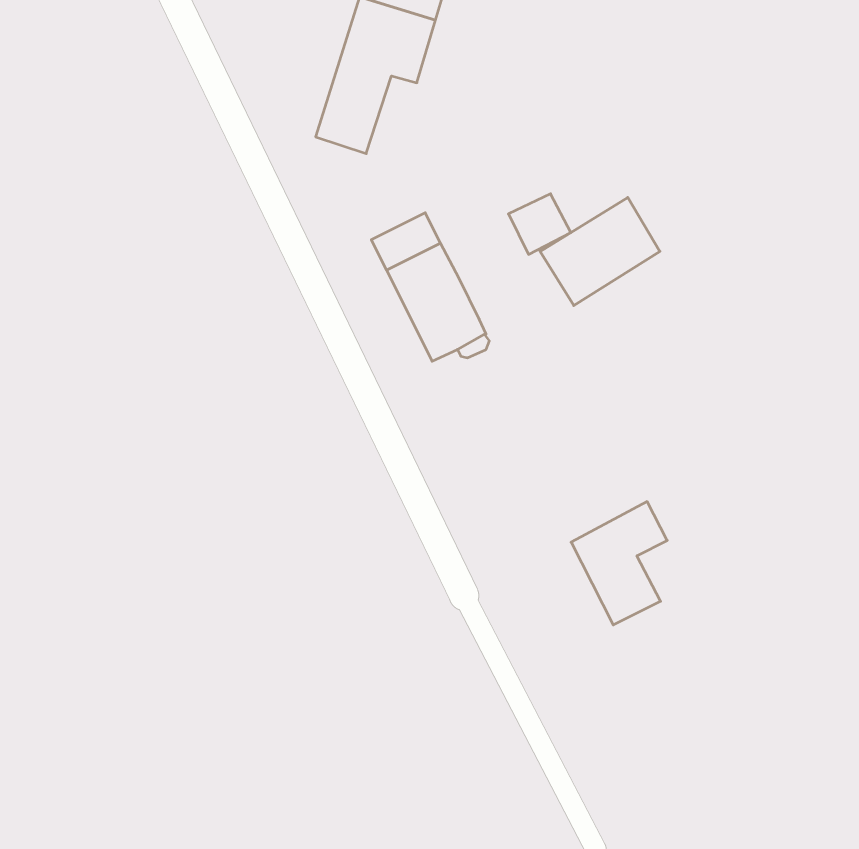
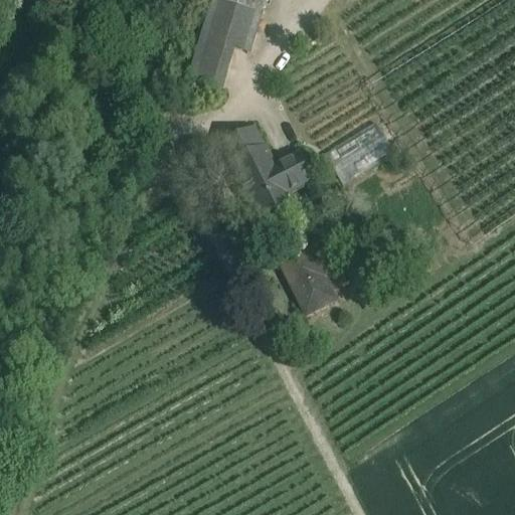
building: [508,194,571,254] -> [274,154,311,190]
building: [571,502,667,625] -> [281,236,338,310]

